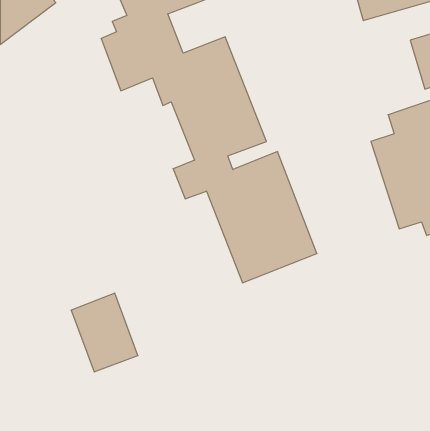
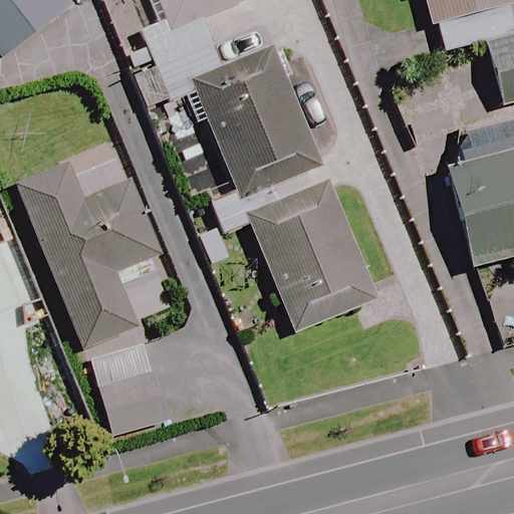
building: none -> [19,162,164,346]

